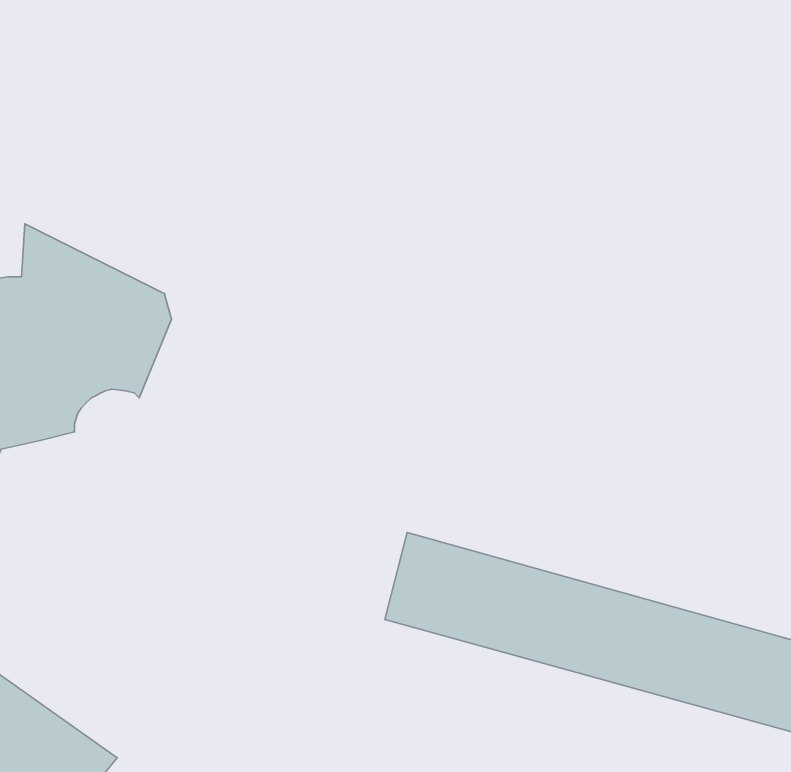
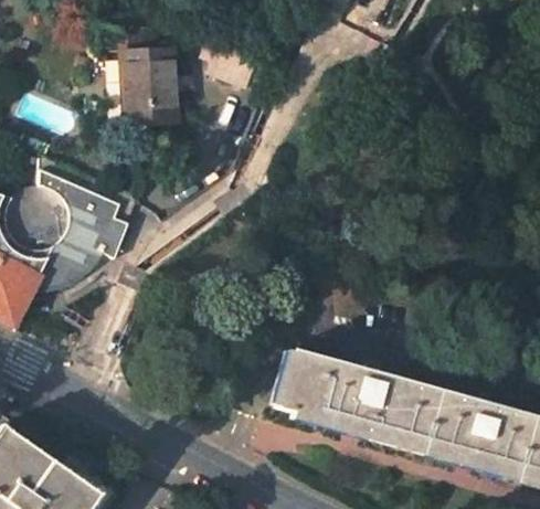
building: none -> [120,51,173,124]

